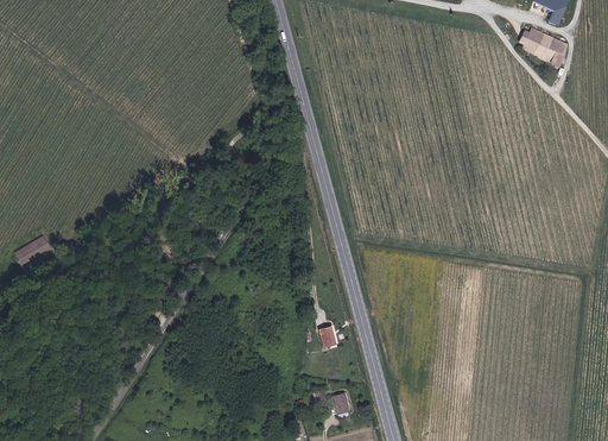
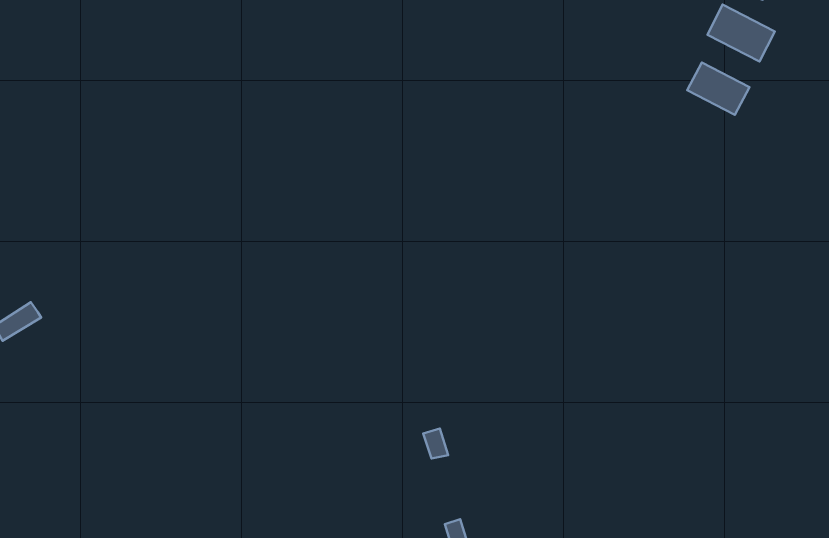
building: none -> [687,62,750,115]

